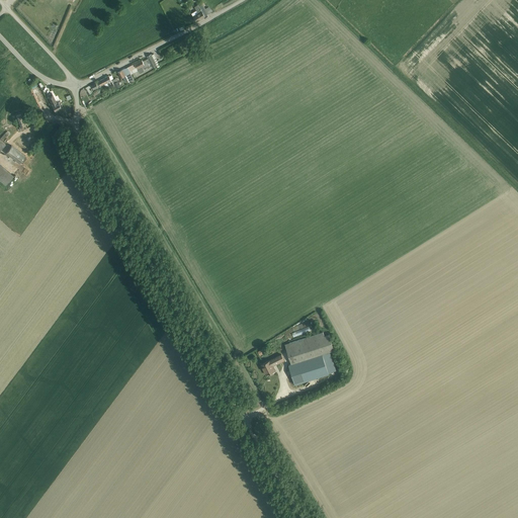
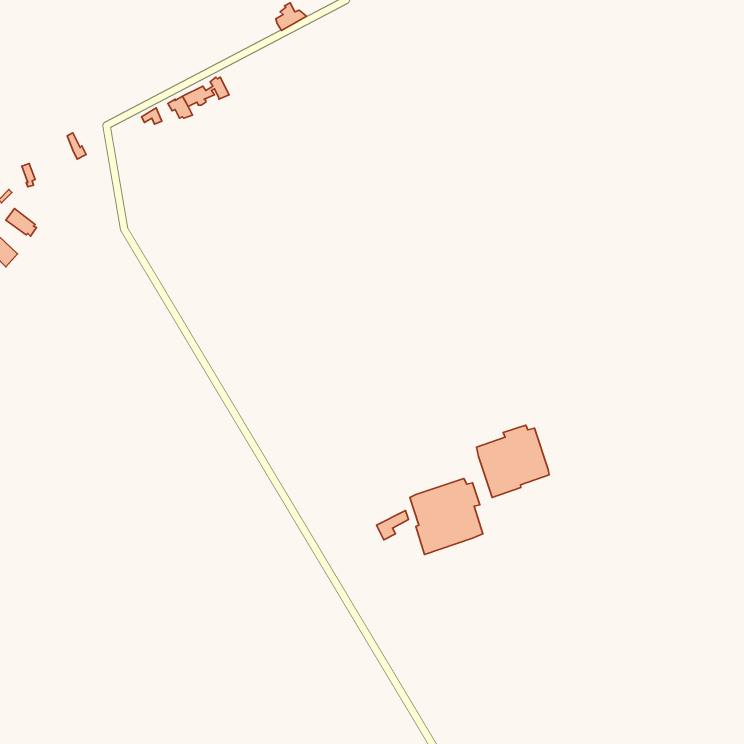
building: none -> [476,425,549,498]

